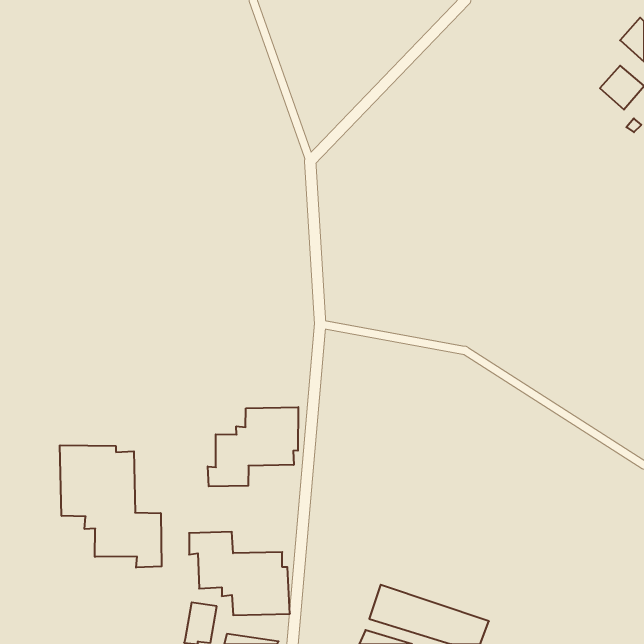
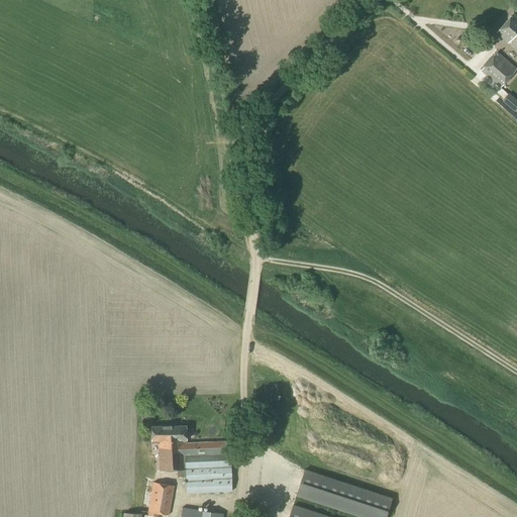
building: [208,407,298,486] -> none
building: [60,445,162,568] -> none

